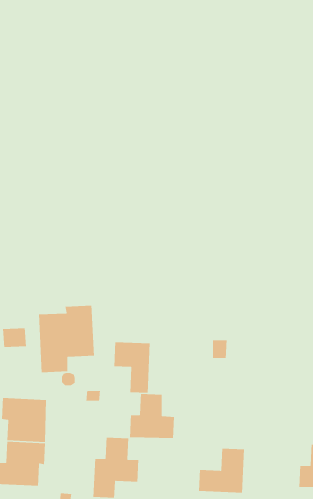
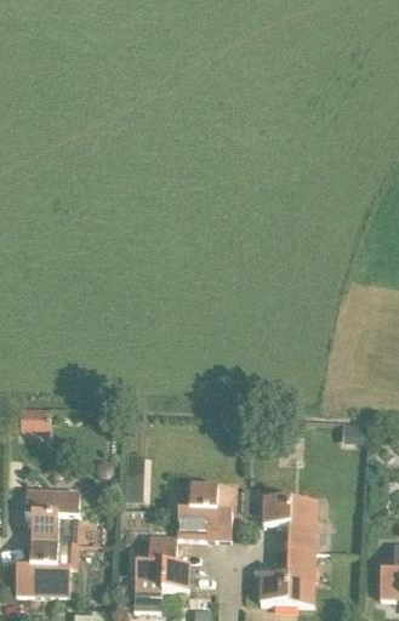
building: [38,305,95,373] -> none
building: [113,341,151,394] -> none
building: none -> [263,497,317,551]

